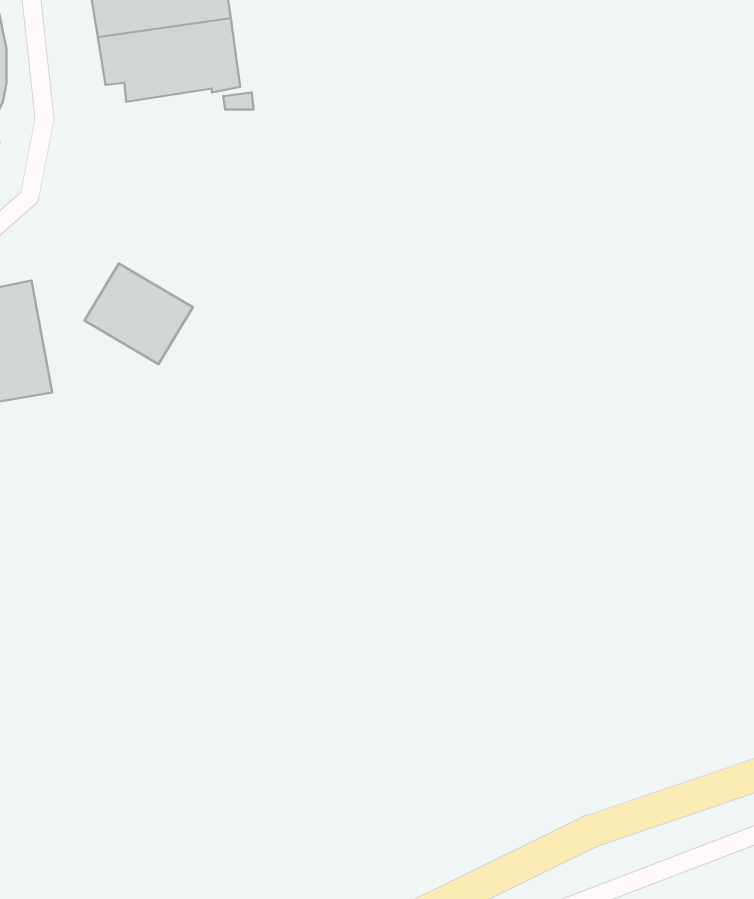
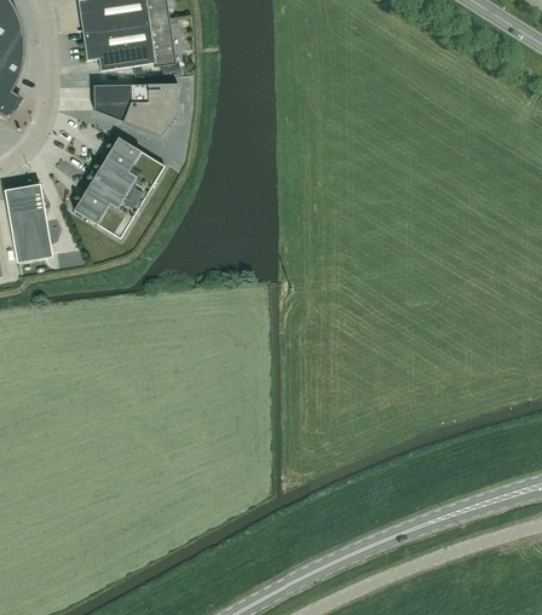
building: none -> [93,81,179,134]
building: none -> [96,136,165,200]

